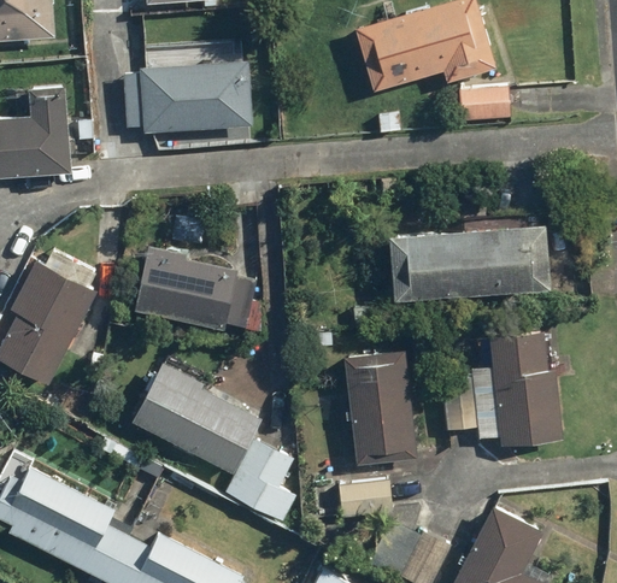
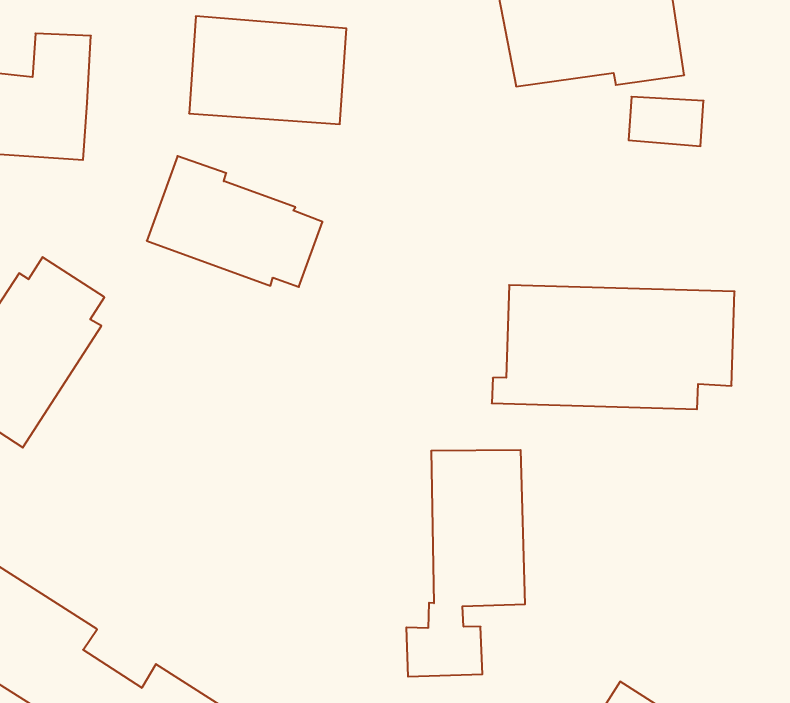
building: [134,245,258,330] -> [147,156,323,287]
building: [443,332,563,444] -> none
building: [131,363,295,524] -> none

